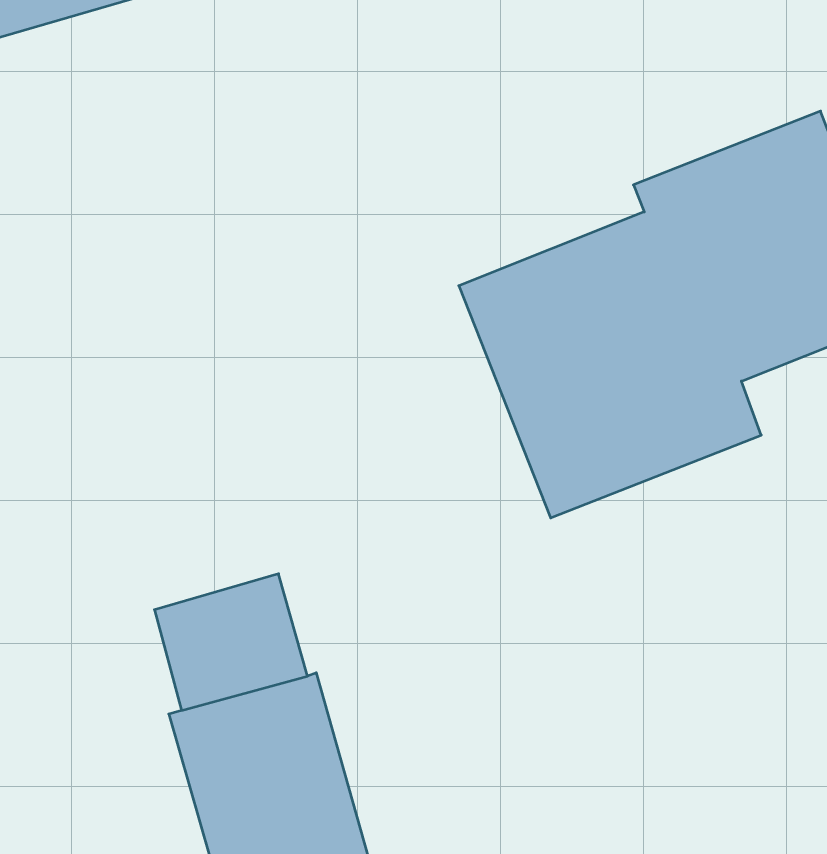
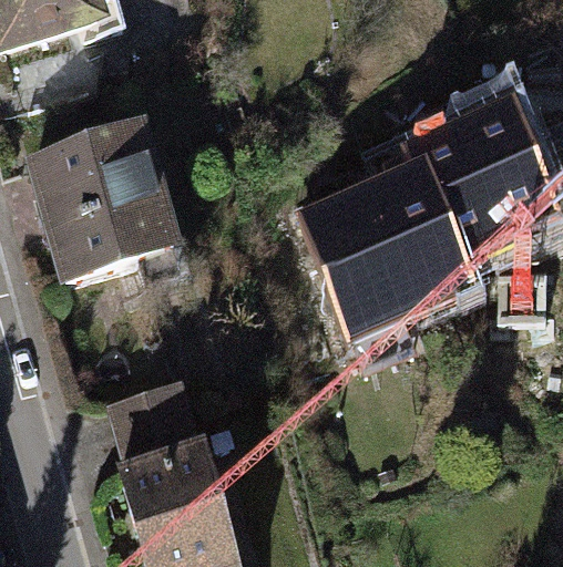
building: none -> [25,121,187,286]

